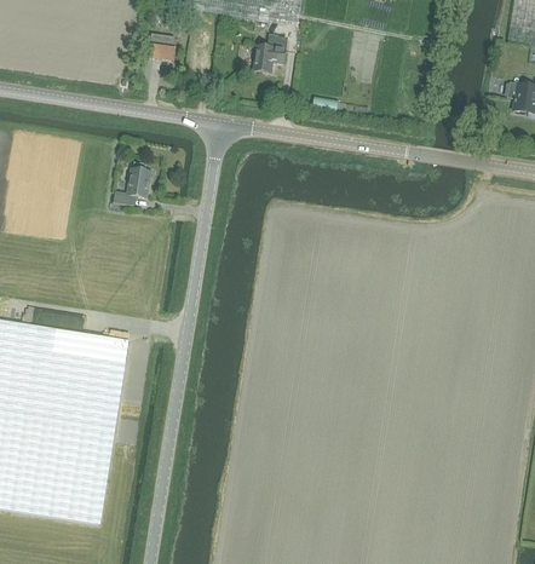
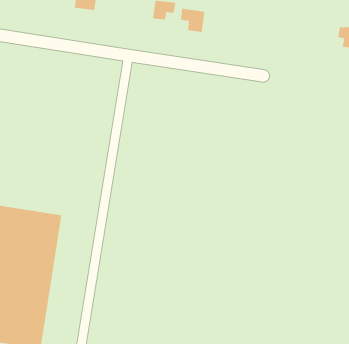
building: none -> [181,8,205,33]
building: [113,160,151,203] -> none

